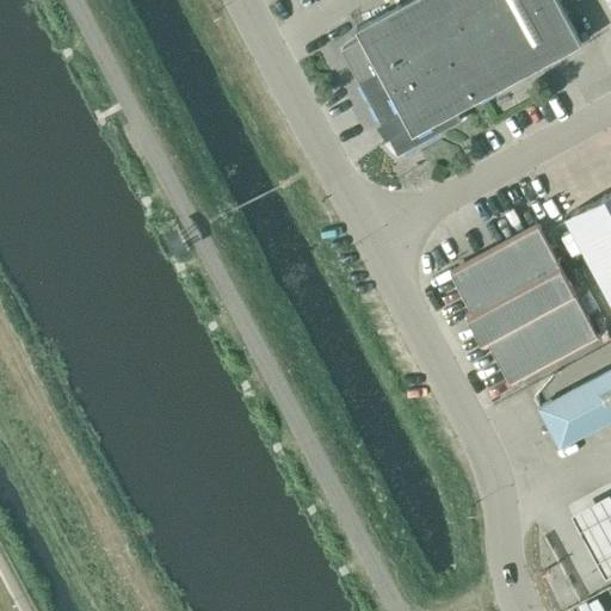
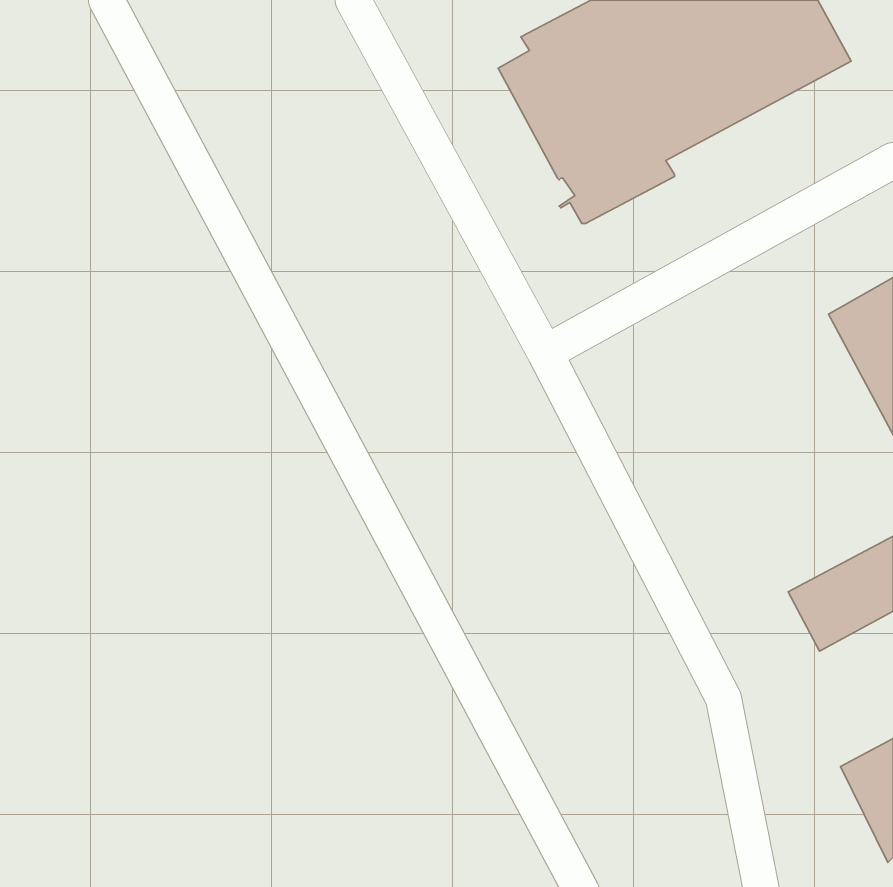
building: [455,227,598,382] -> none

